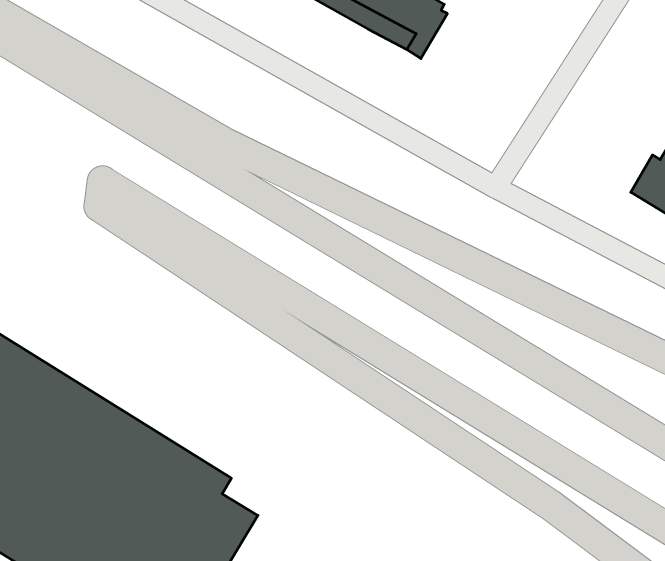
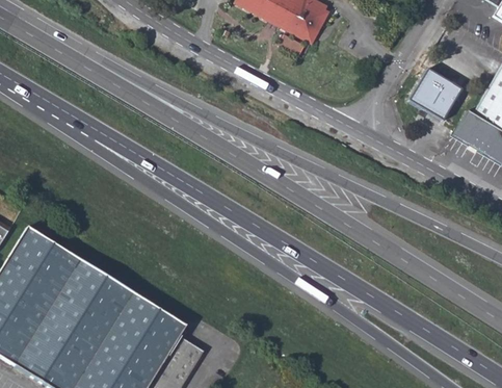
building: none -> [409,67,461,118]

